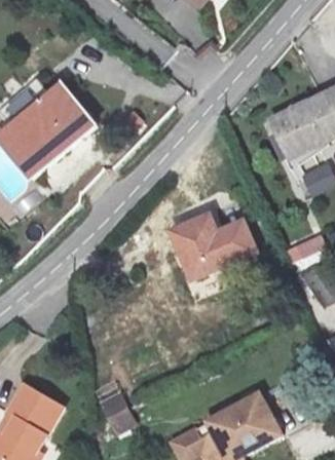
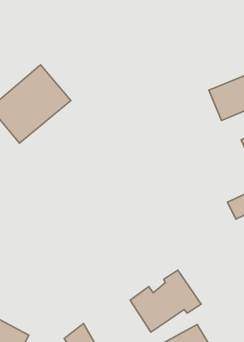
building: [157,210,243,276] -> none
building: none -> [130,270,201,332]

